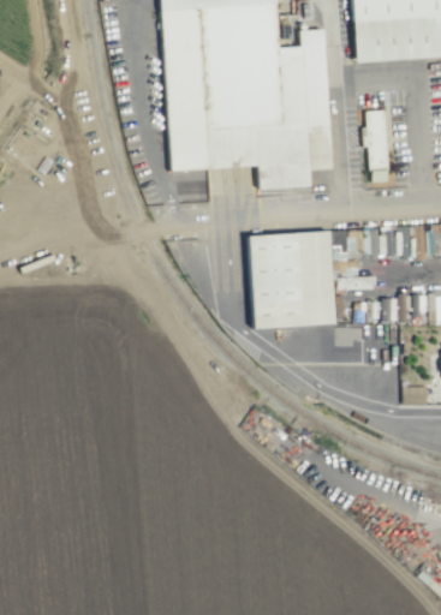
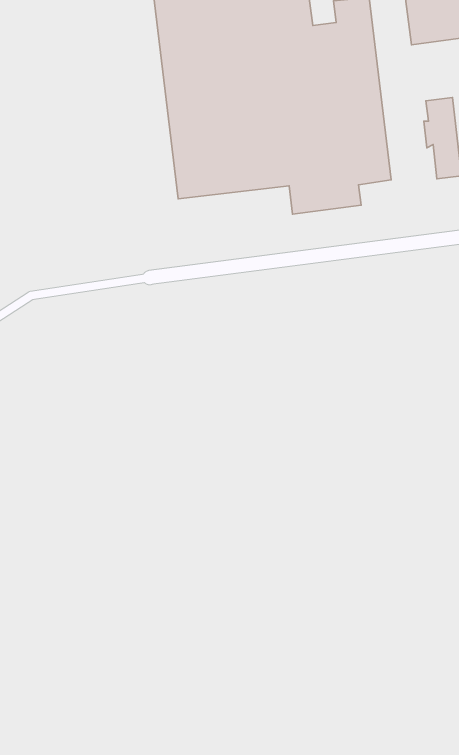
building: [248,229,334,329] -> none

